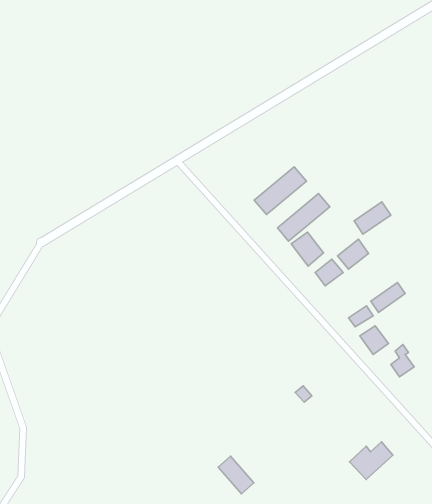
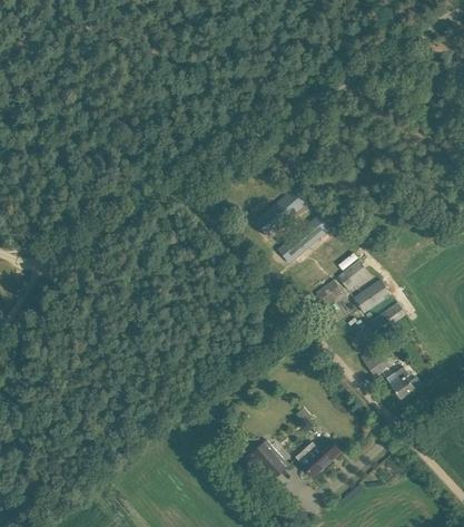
building: [354,202,391,234] -> [355,280,392,312]
building: [291,232,324,266] -> none
building: [349,442,393,480] -> [297,438,340,476]
building: [218,456,254,494] -> [251,441,287,479]

